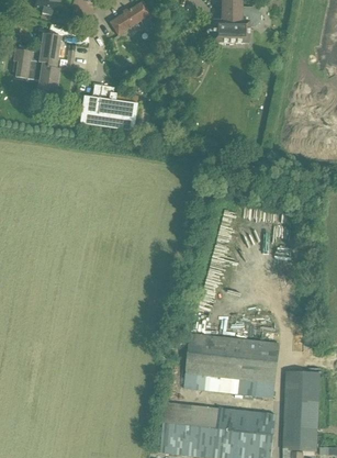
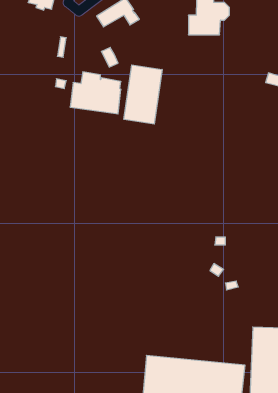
building: [13,34,59,97] -> none
building: none -> [124,65,162,124]
building: [182,333,279,398] -> none

